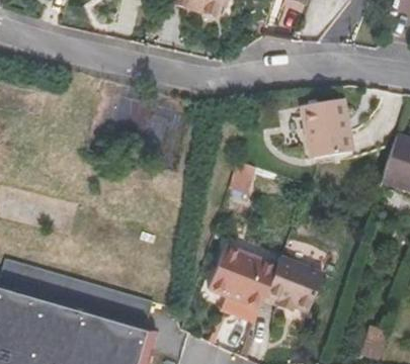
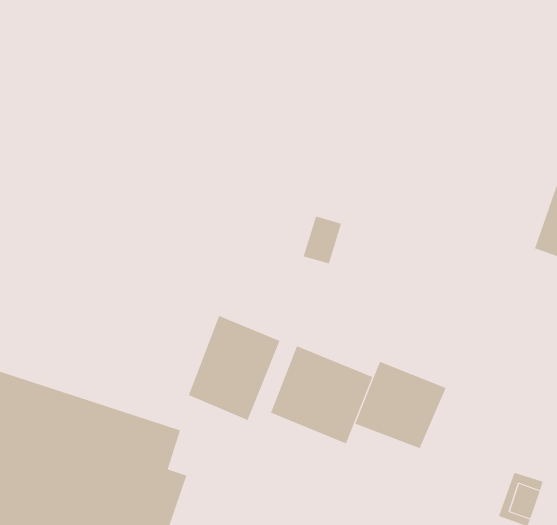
building: [300,101,350,159] -> none
building: none -> [188,315,280,421]

